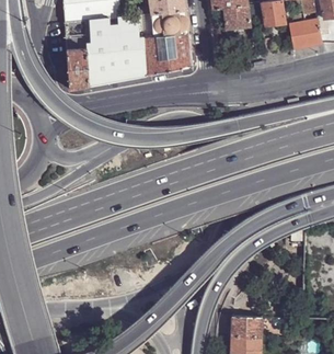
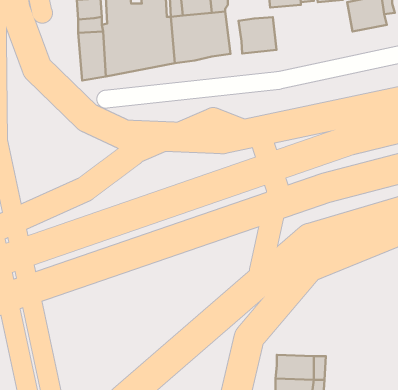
building: none -> [239,17,276,53]

